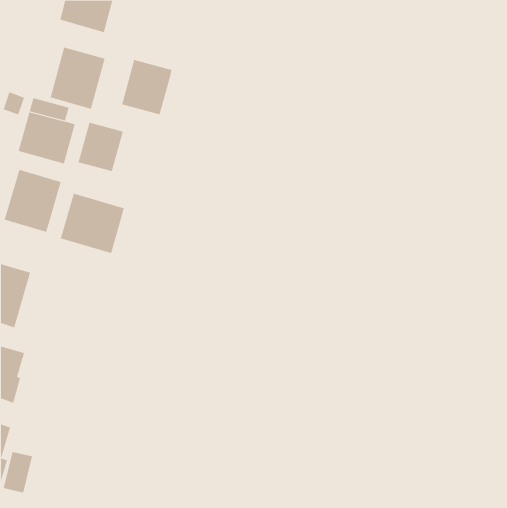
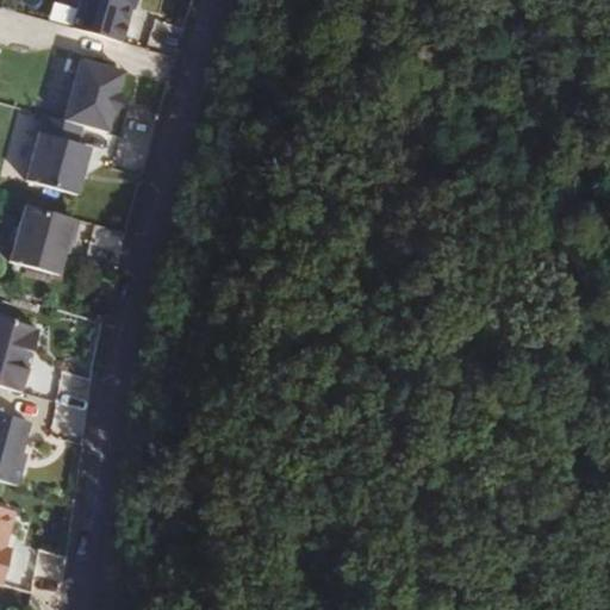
building: [121,59,172,115] -> none
building: [78,122,123,172] -> none
building: [60,193,125,254] -> none

